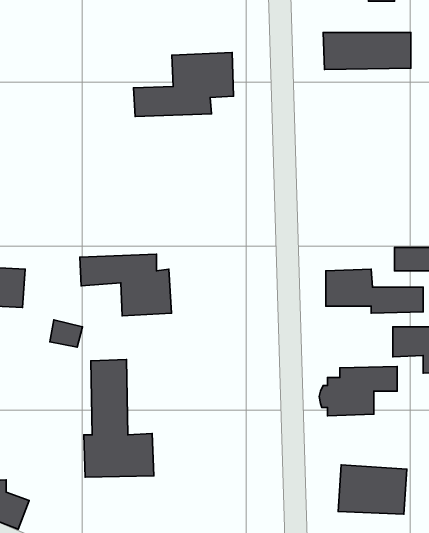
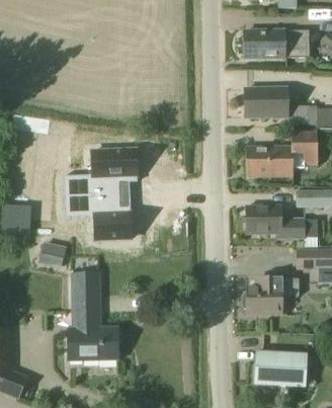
building: [134,52,233,117] -> [63,149,137,196]
building: none -> [245,88,318,124]
building: none -> [245,131,318,176]

